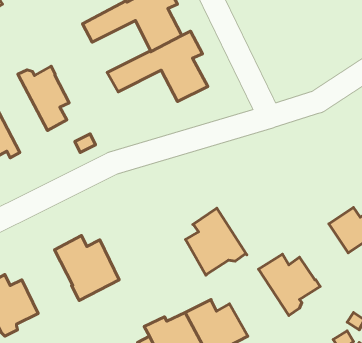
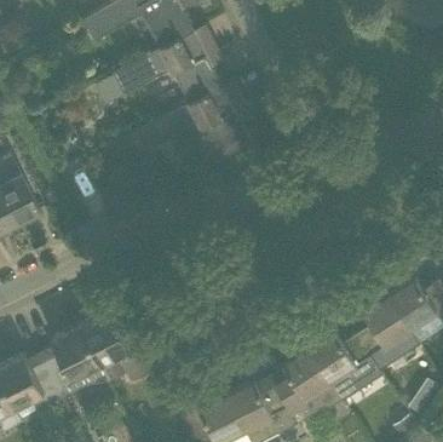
building: [18,66,69,131] -> none
building: [185,208,247,275] -> [275,346,344,421]
building: none -> [356,295,420,368]
building: none -> [45,325,108,396]

